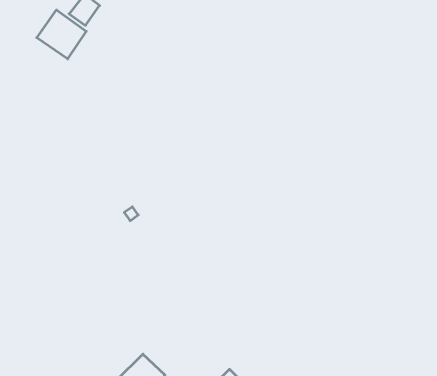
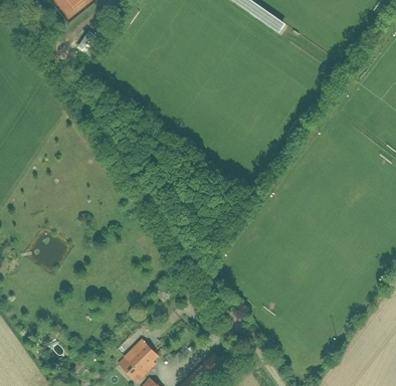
building: [37,10,86,59] -> none

